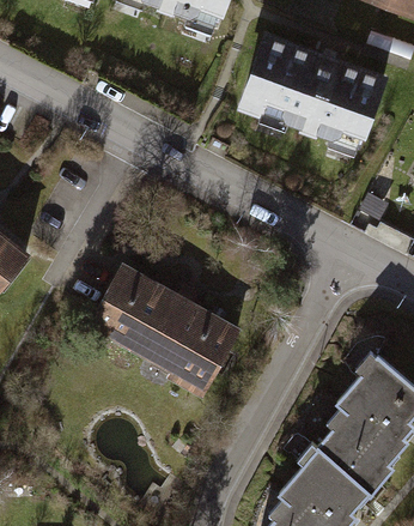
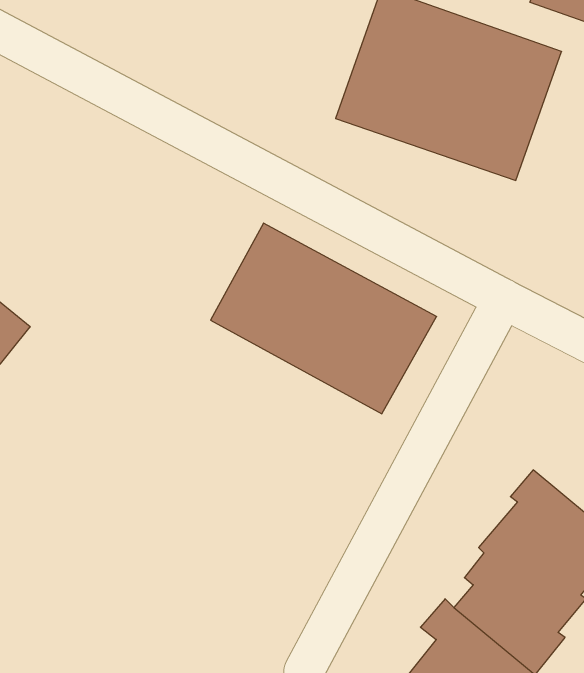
building: [85,260,238,389] -> [211,223,437,414]

